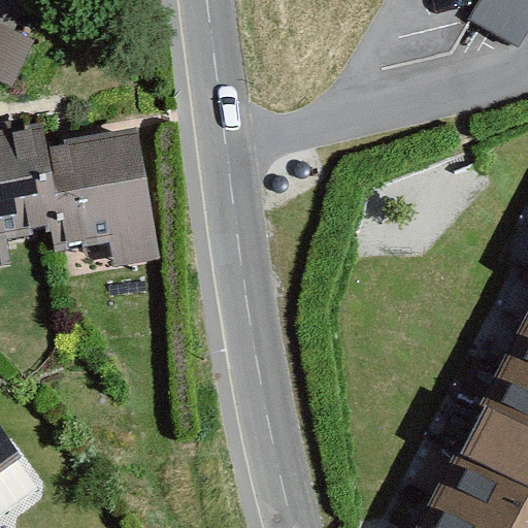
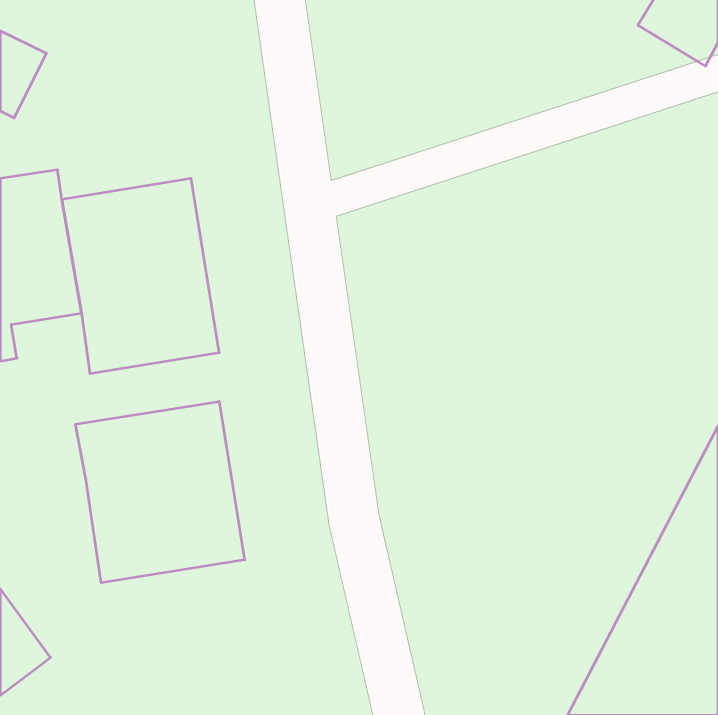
building: none -> [76,401,245,583]

